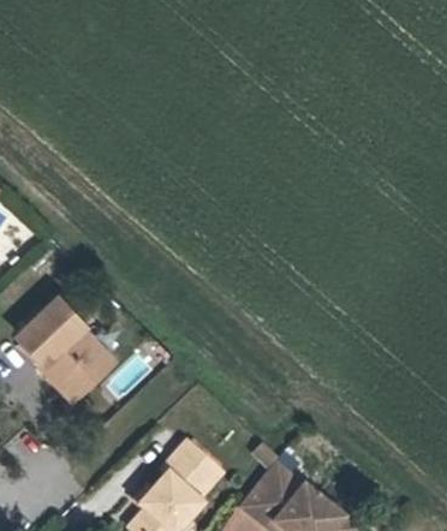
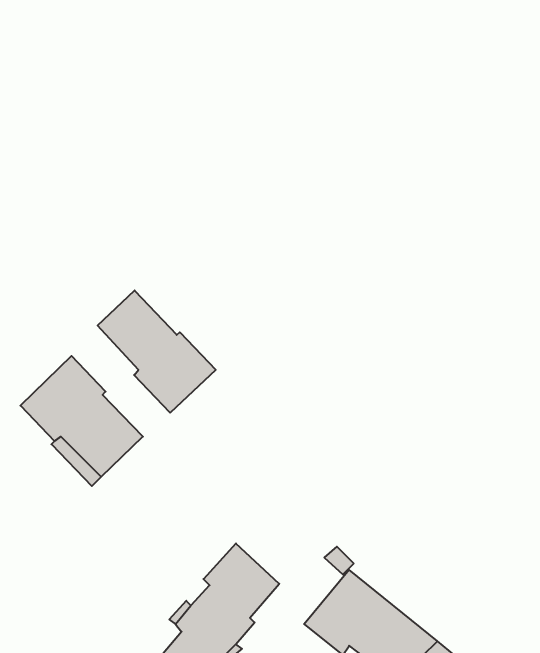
building: none -> [98,290,216,413]

